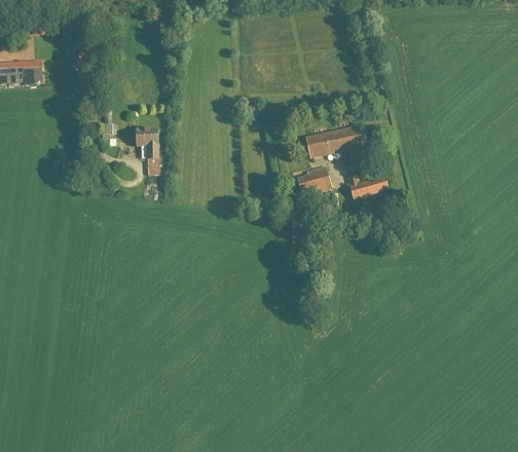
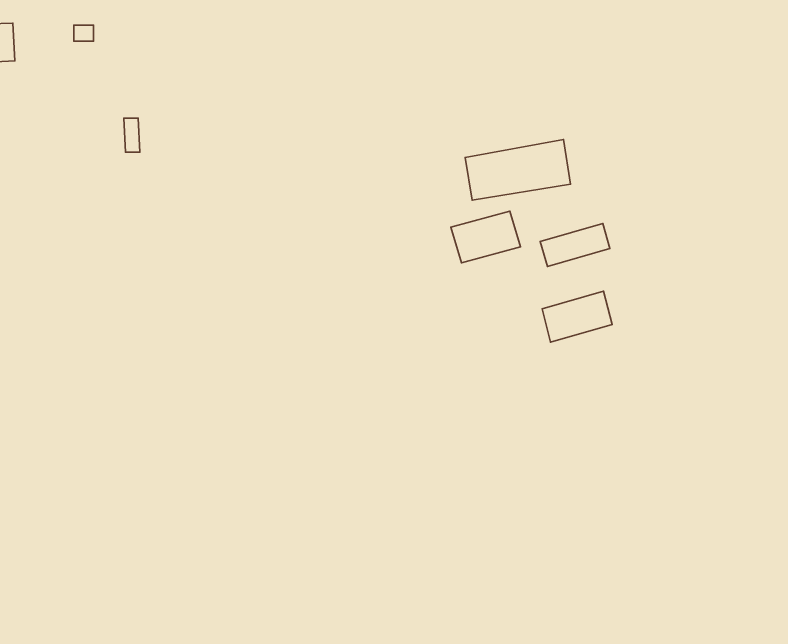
building: [136,127,163,180] -> none
building: none -> [542,291,612,342]

